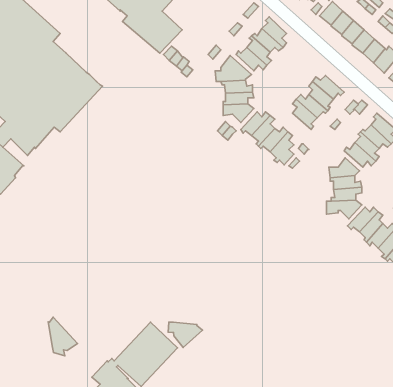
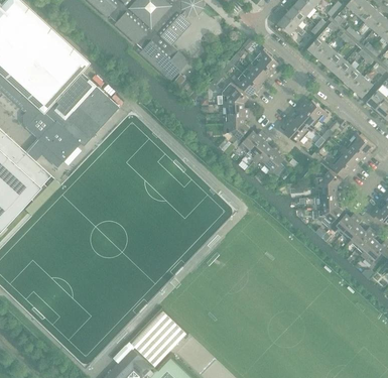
building: [48,317,77,356] -> none
building: [168,322,203,347] -> none

